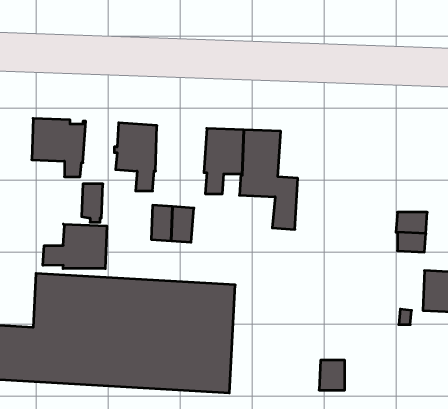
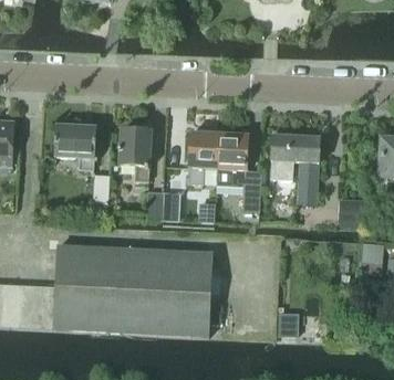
building: none -> [270,129,320,203]
building: [43,224,107,269] -> none

